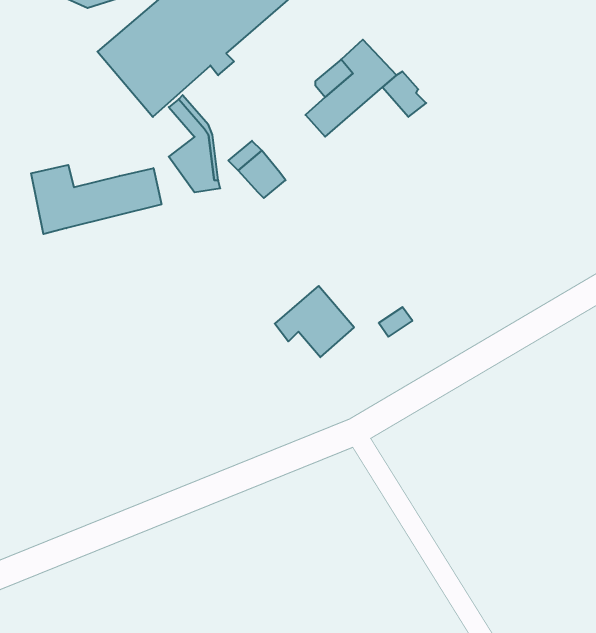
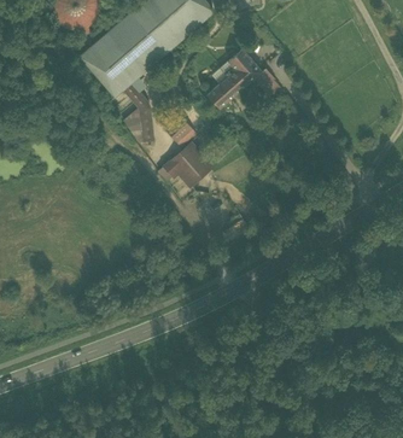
building: [31,165,161,234] -> none
building: [275,286,354,357] -> [163,142,211,186]

